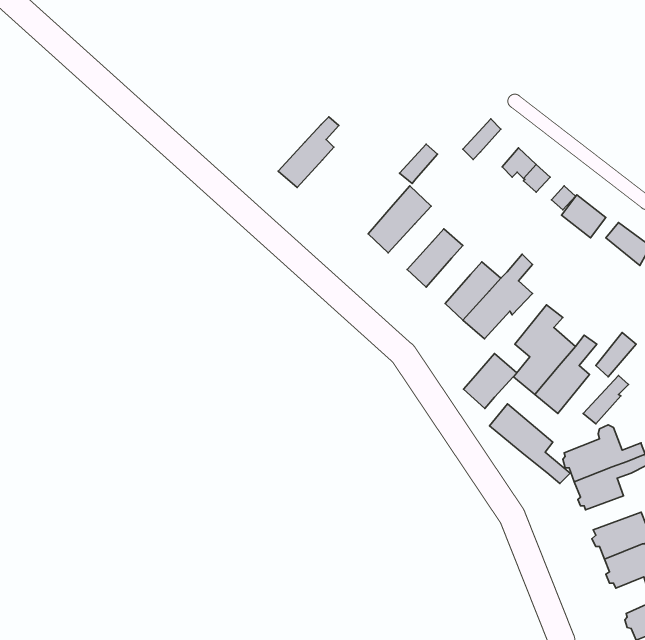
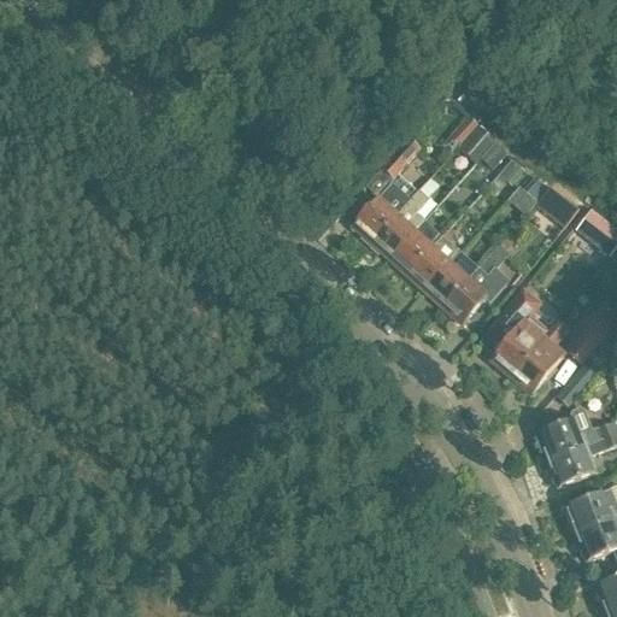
building: [278,117,339,188] -> [371,189,429,257]
building: none -> [459,123,498,161]
building: none -> [407,234,460,289]
building: [464,353,517,408] -> none
building: [490,404,570,484] -> none

